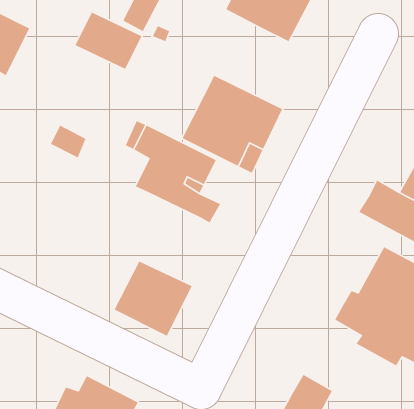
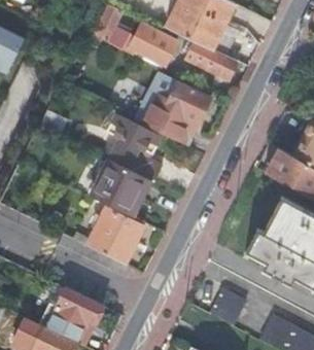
building: [74,12,142,70] -> [128,23,177,65]
building: none -> [184,39,238,79]
building: none -> [92,158,148,213]

